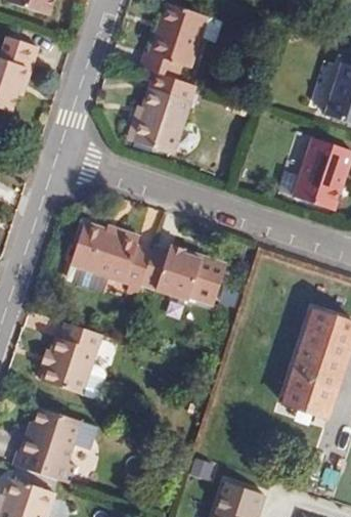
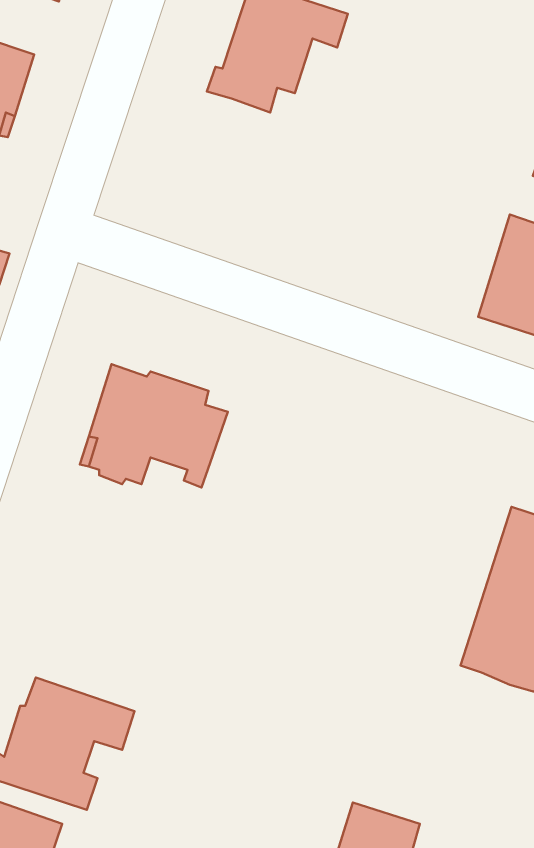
building: [134,71,188,155] -> none
building: [139,244,222,300] -> none
building: [45,327,104,399] -> none

